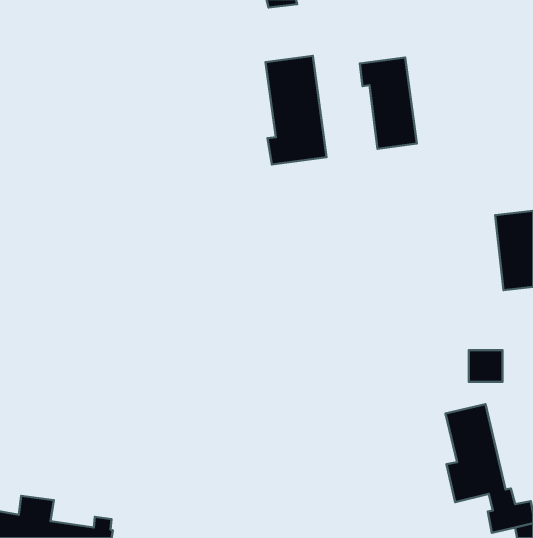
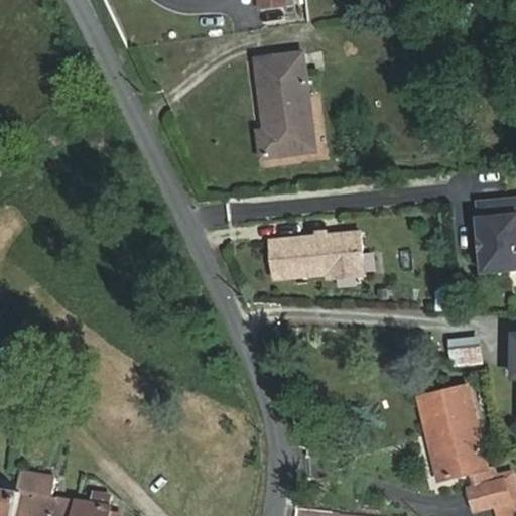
building: [360,57,417,149] -> none
building: none -> [275,231,370,278]

